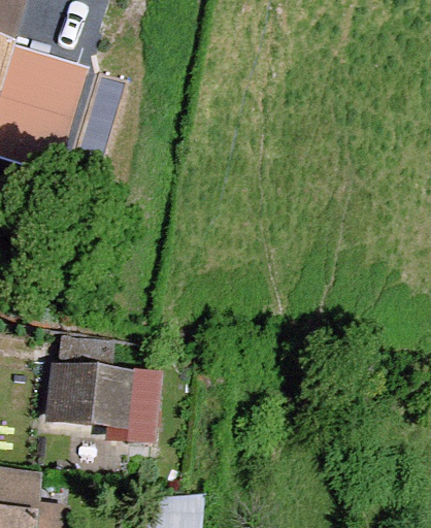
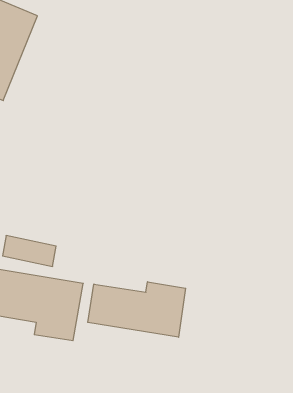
building: none -> [88,282,186,337]

